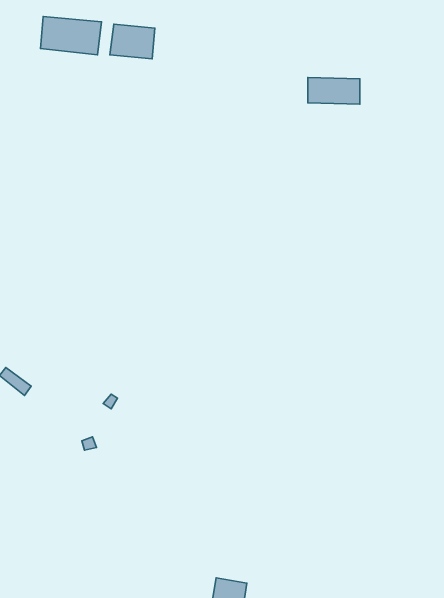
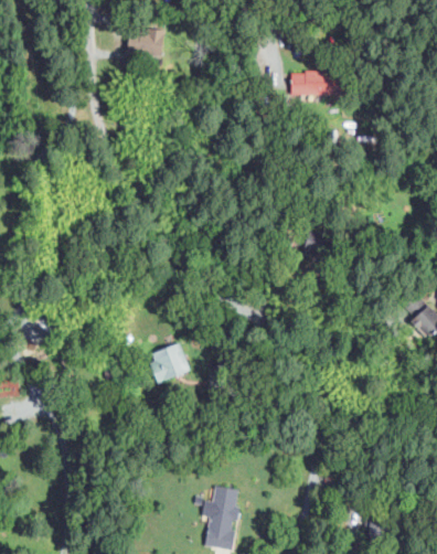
building: [40,16,102,55] -> none
building: none -> [147,345,189,383]

